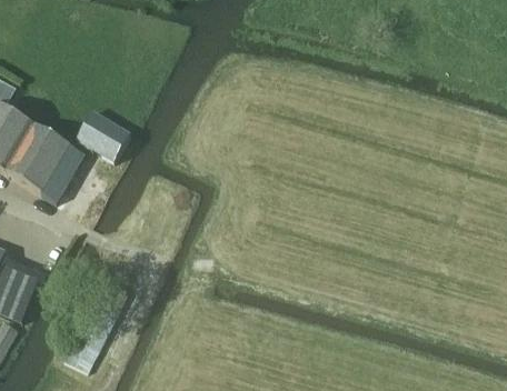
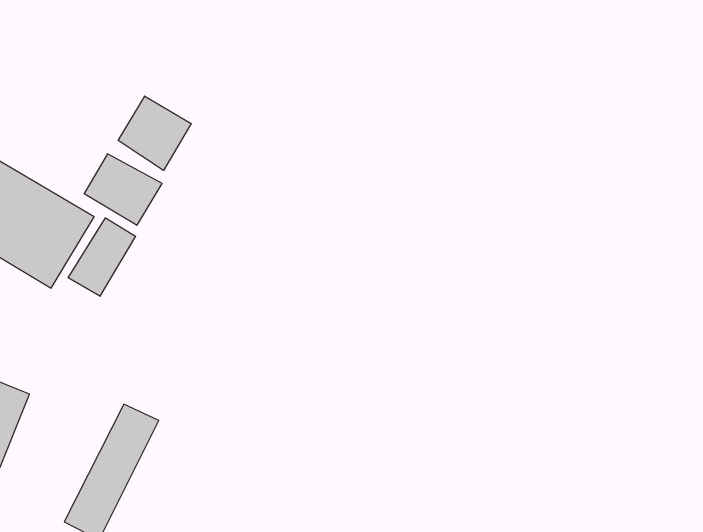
building: none -> [118,96,191,170]
building: none -> [68,218,136,296]

